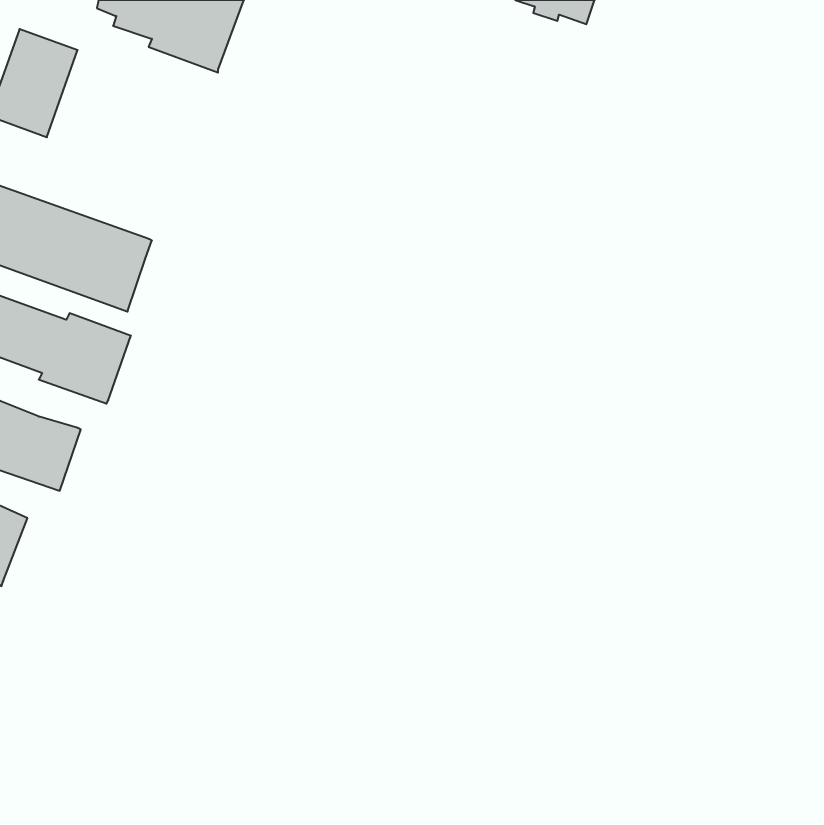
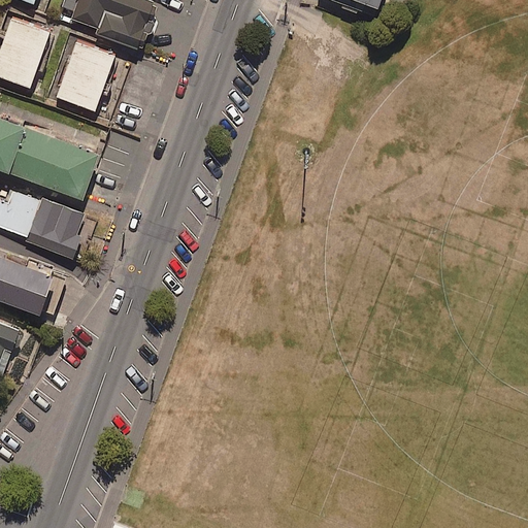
building: none -> [57,43,116,112]

